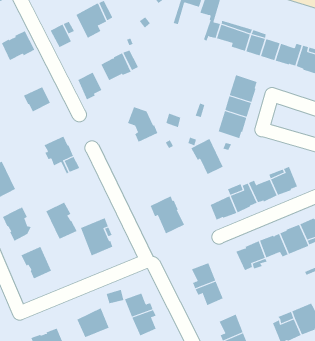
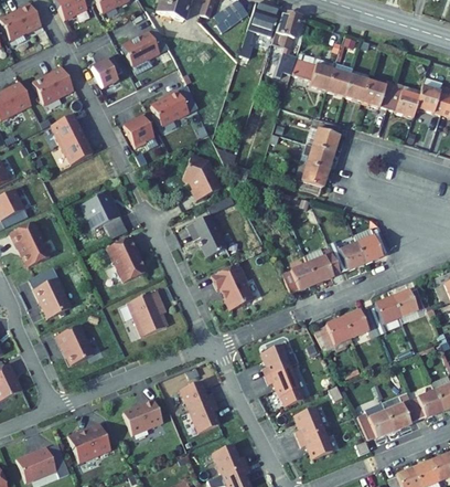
building: none -> [51,113,82,144]
building: [191,138,224,175] -> [186,214,226,258]
building: [45,202,78,240] -> [107,236,146,282]

